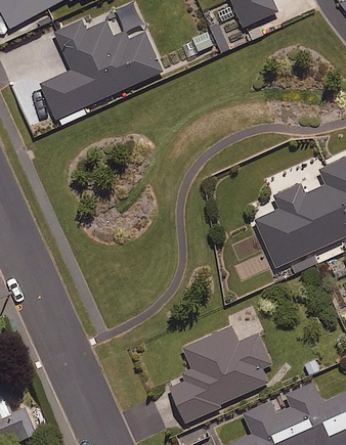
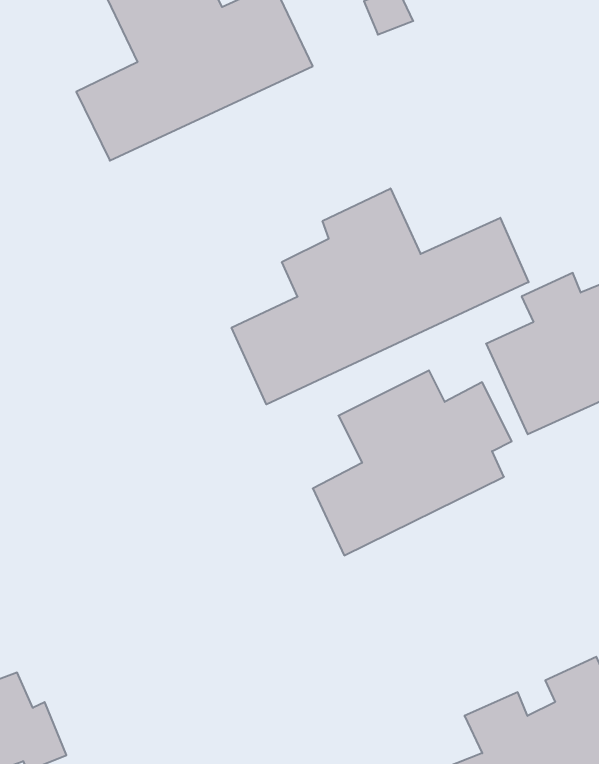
building: none -> [232,188,529,404]
building: [168,325,271,421] -> [313,370,512,555]

